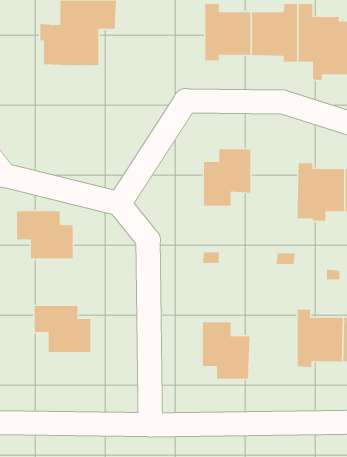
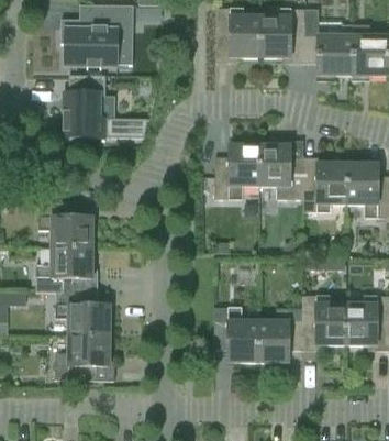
building: none -> [63,75,147,137]
building: none -> [259,144,303,199]
building: none -> [35,247,97,291]
building: none -> [257,307,302,362]
building: none -> [55,335,114,379]

